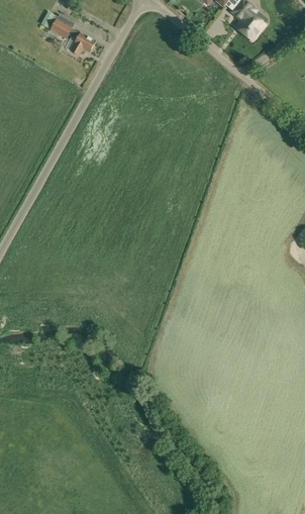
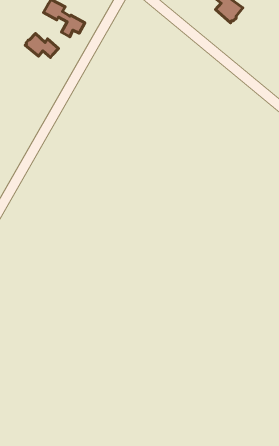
building: none -> [25,34,58,57]

